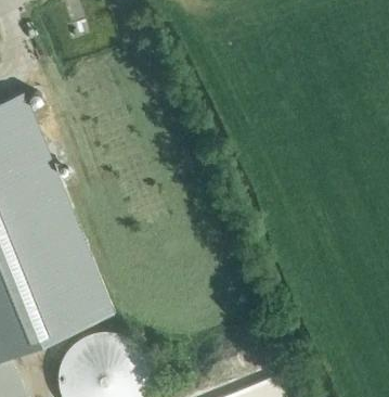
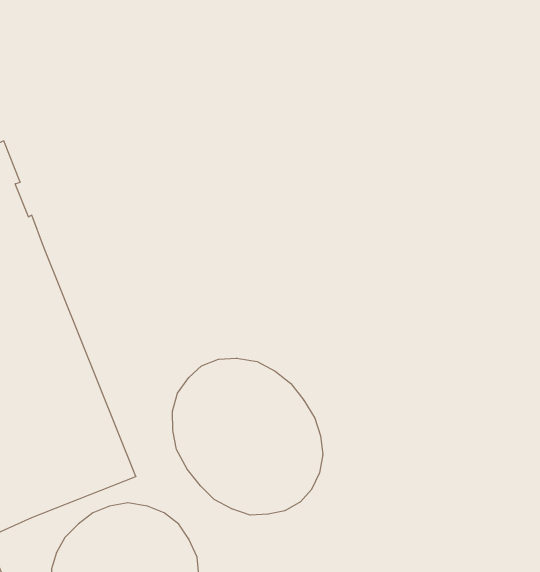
building: none -> [173,358,323,515]

